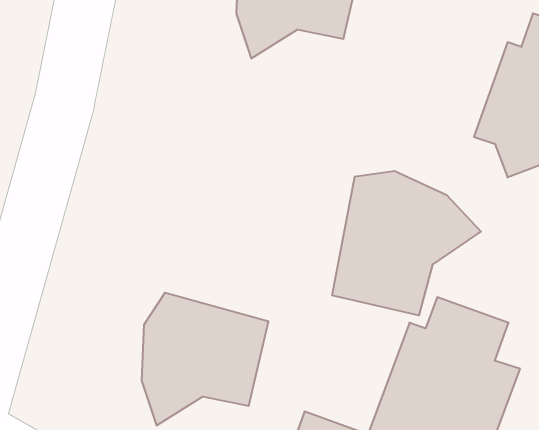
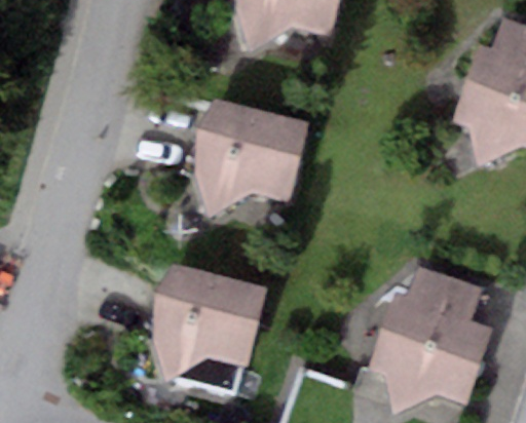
building: none -> [197,101,310,219]
building: [332,171,481,316] -> none

